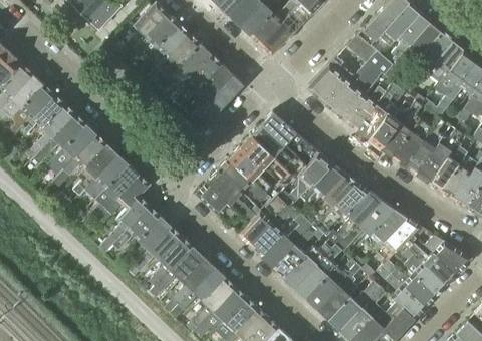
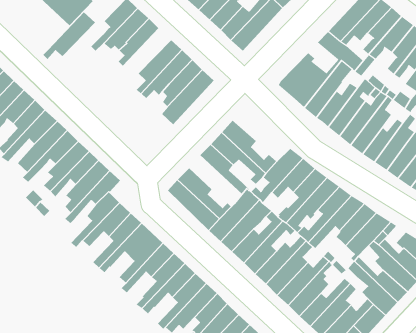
building: [147,32,200,80] -> [42,11,96,60]
building: [261,111,318,164] -> none
building: [218,158,266,202] -> none

